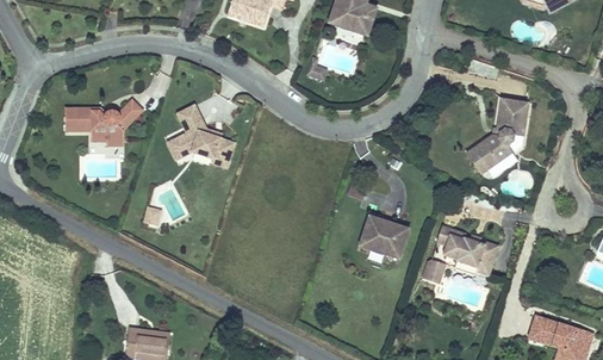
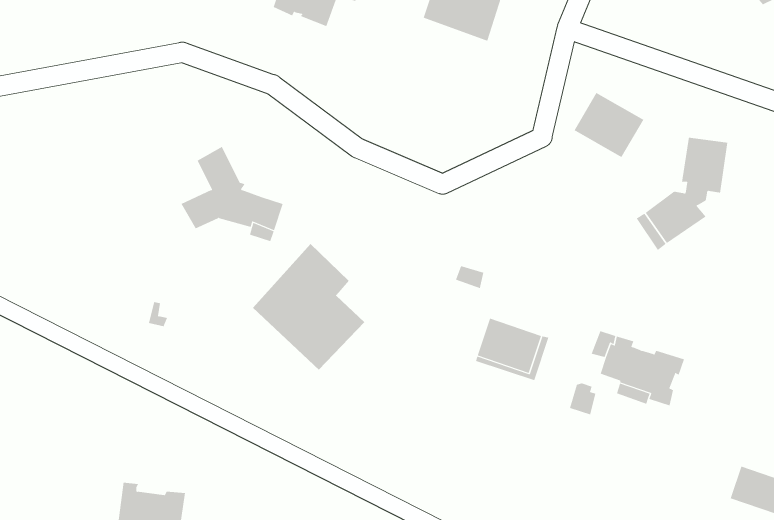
building: none -> [574,92,644,158]
building: [66,98,144,141] -> none
building: none -> [252,243,365,371]

